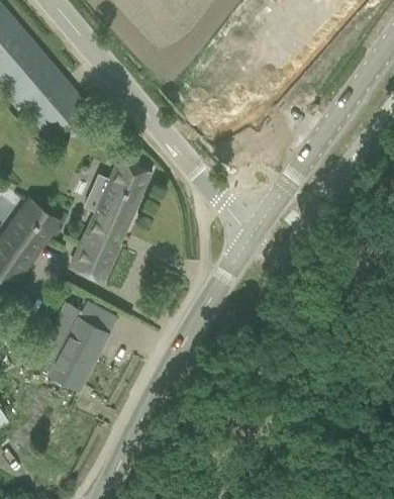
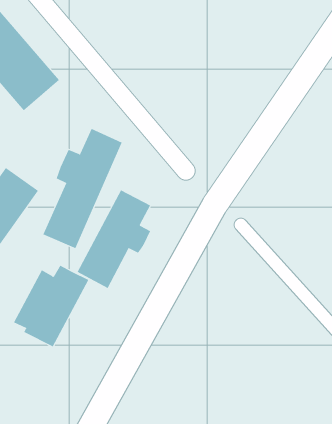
building: none -> [77,190,151,289]

